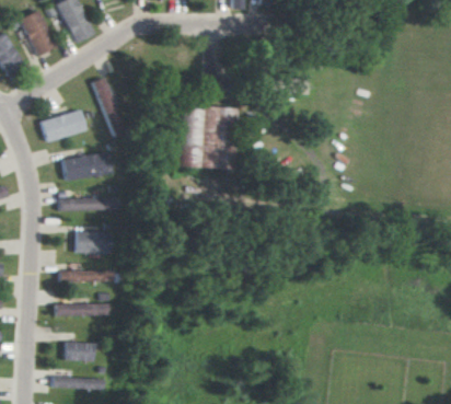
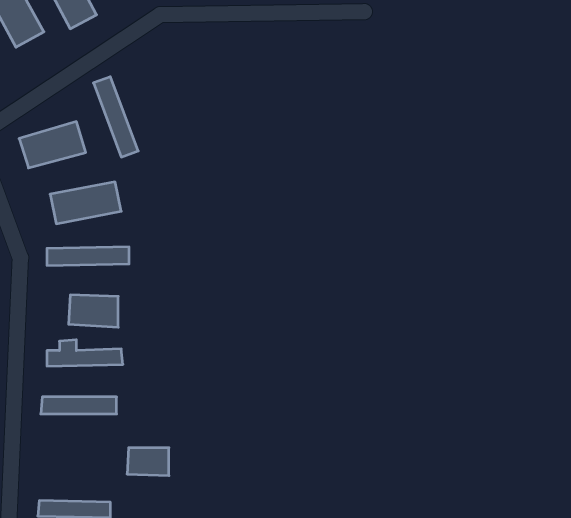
building: [175,106,238,169] -> none
building: [66,342,95,361] -> [127,448,169,476]

